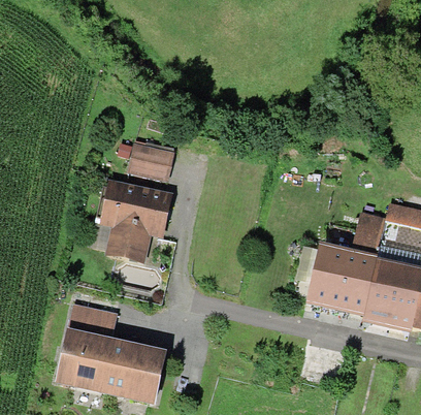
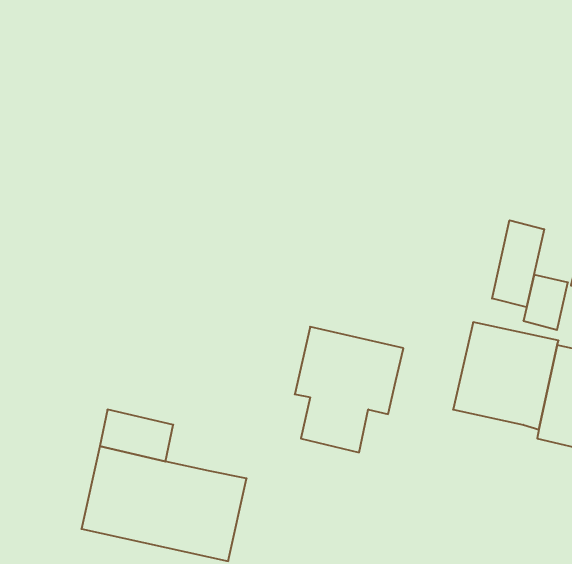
building: [128,139,175,181] -> none
building: none -> [492,220,544,307]
building: [101,179,174,263] -> [295,327,403,452]

